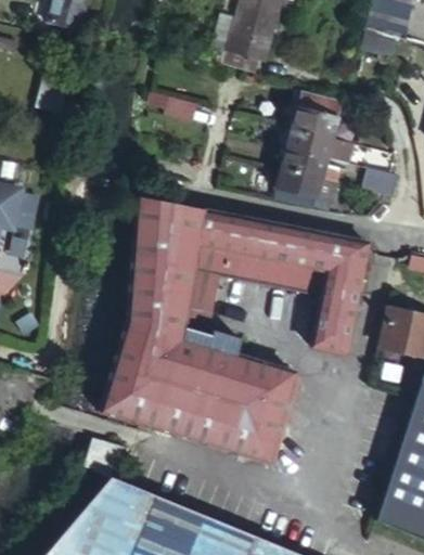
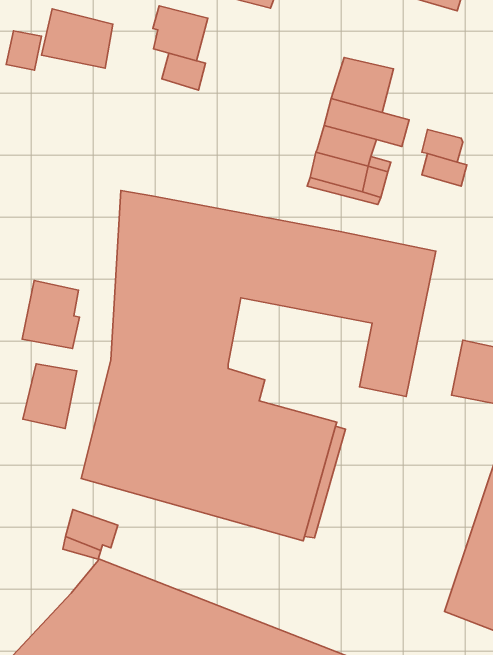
building: none -> [153,6,208,61]
building: none -> [41,9,113,68]
building: none -> [22,281,79,348]
building: none -> [23,364,77,429]

